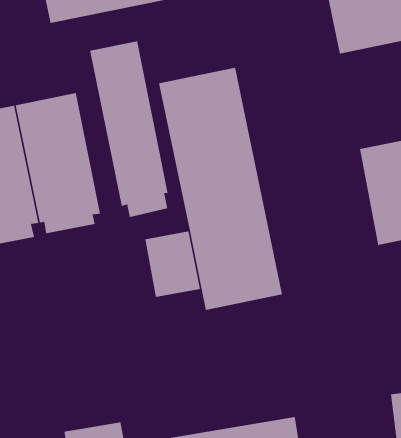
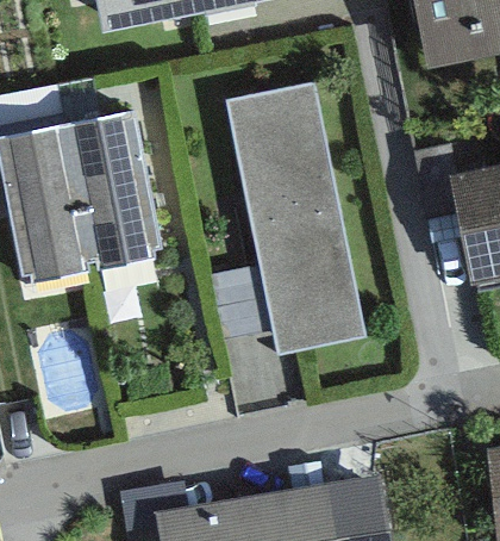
building: [89,40,168,218] -> none

